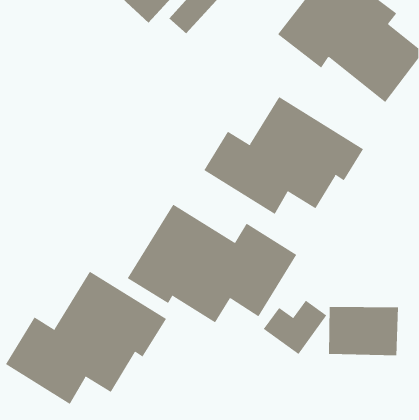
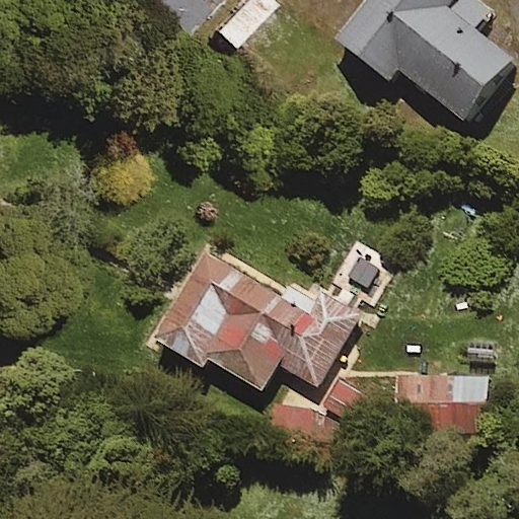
building: [203,96,364,215] -> none
building: [5,271,167,405] -> none

